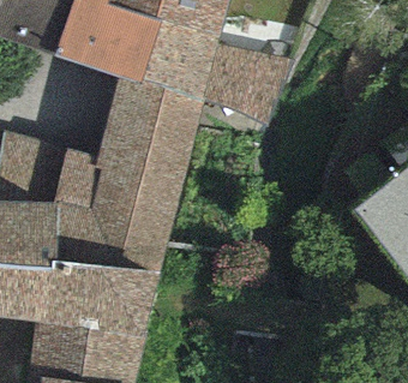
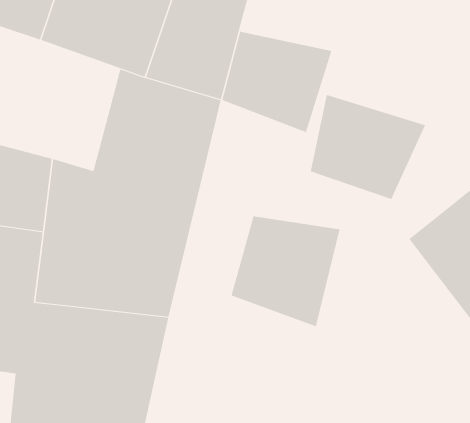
building: none -> [310,94,426,200]
building: none -> [231,215,340,327]

